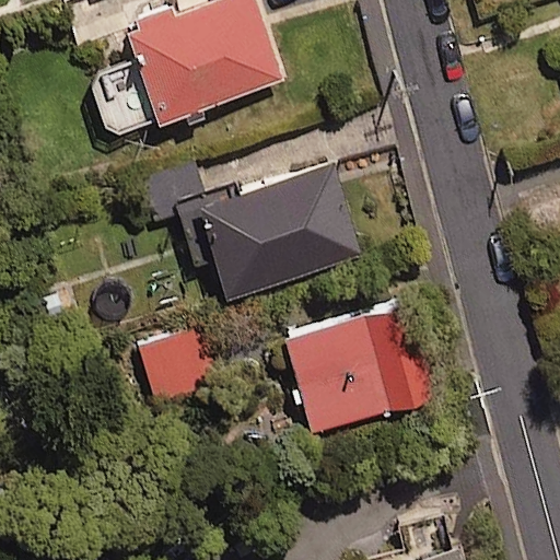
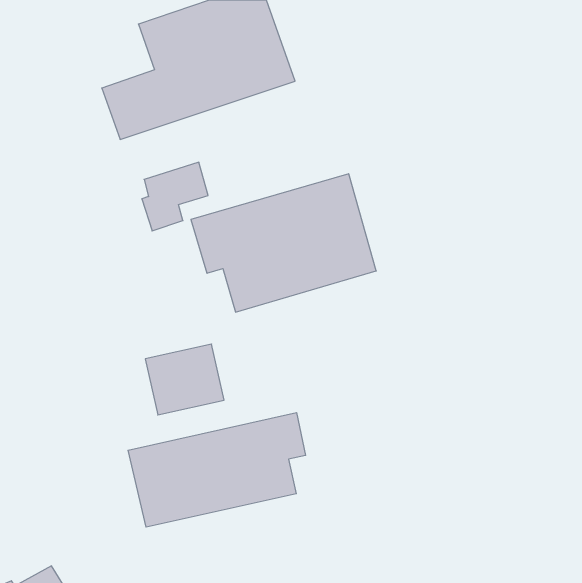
building: [283,305,432,434] -> none
building: none -> [128,413,306,527]

